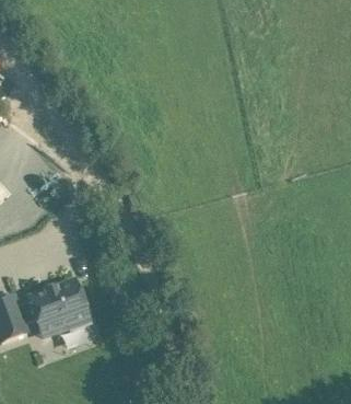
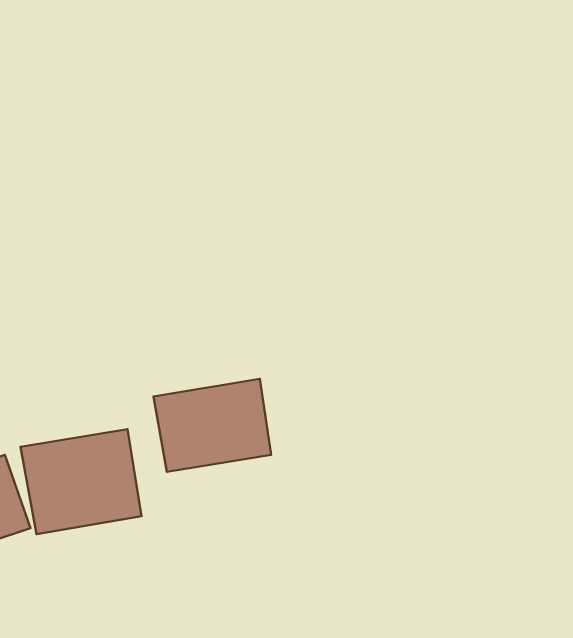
building: none -> [154,379,271,472]

